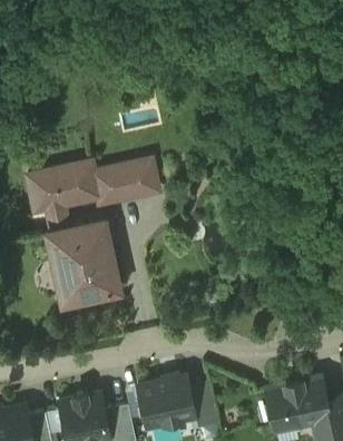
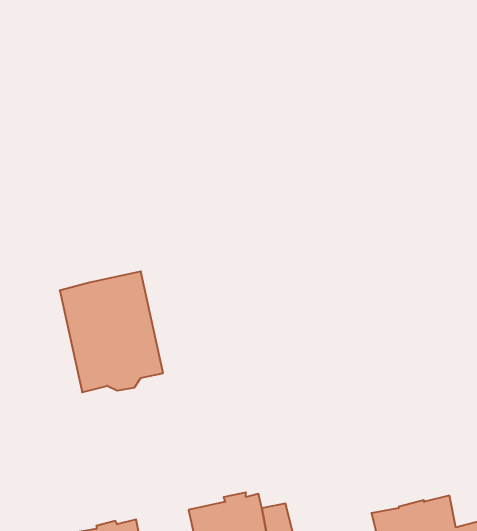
building: [108,161,158,203] -> none
building: [28,164,100,233] -> none

